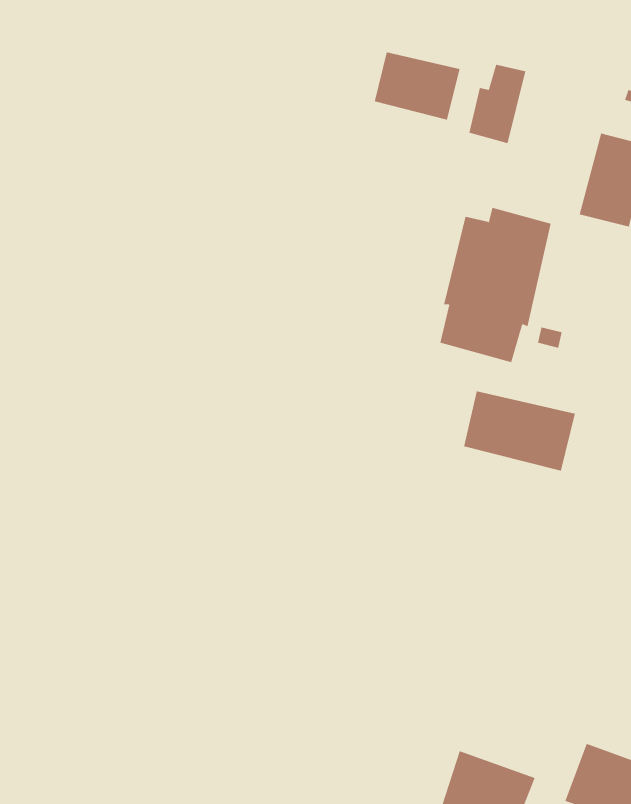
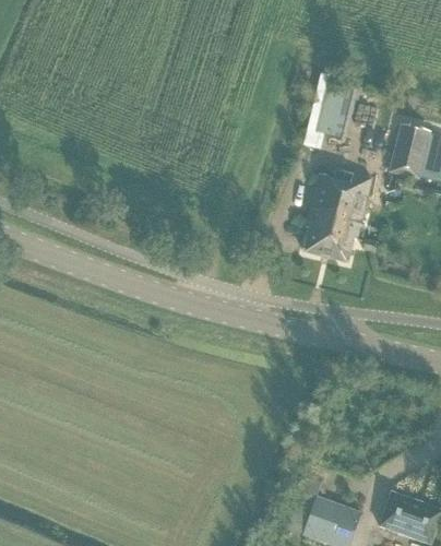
building: [374,51,460,120] -> none
building: [463,391,575,471] -> none

